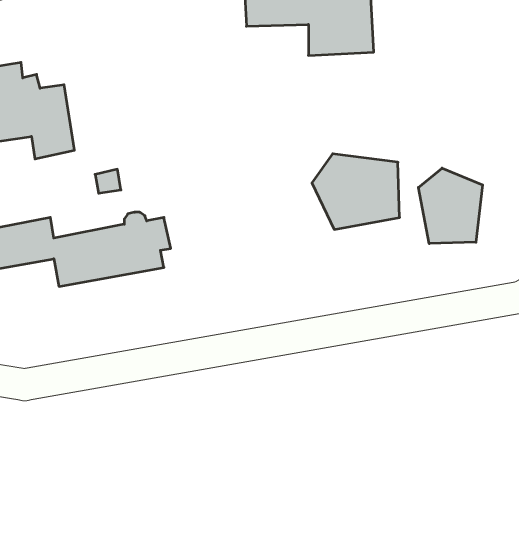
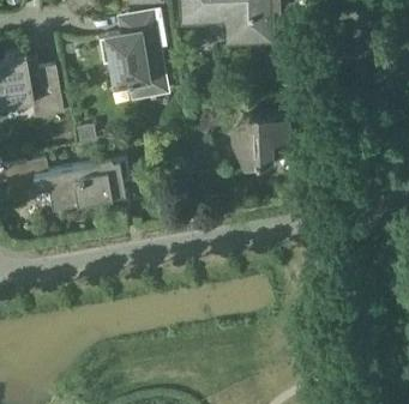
building: none -> [100,12,167,98]
building: [418,168,483,244] -> none

